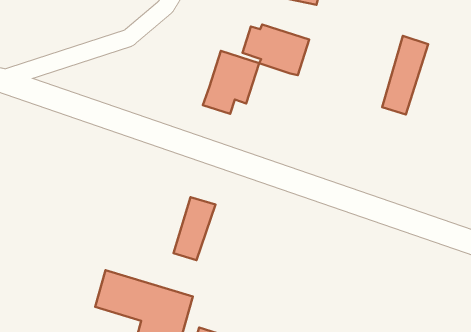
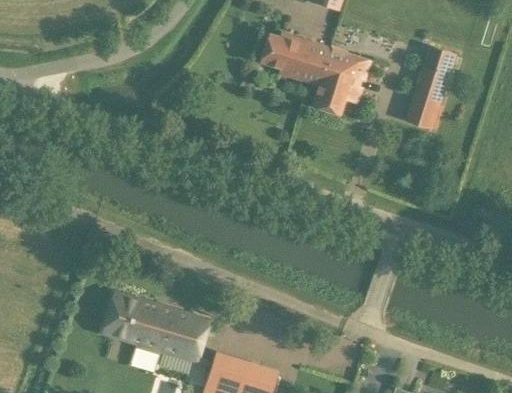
building: [203,51,259,114] -> [312,47,372,114]
building: [174,197,215,260] -> none

